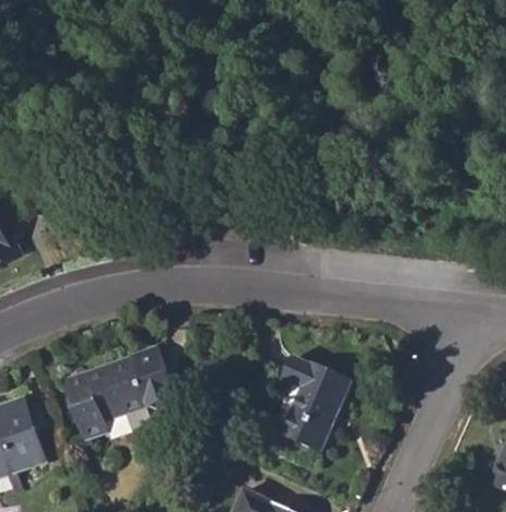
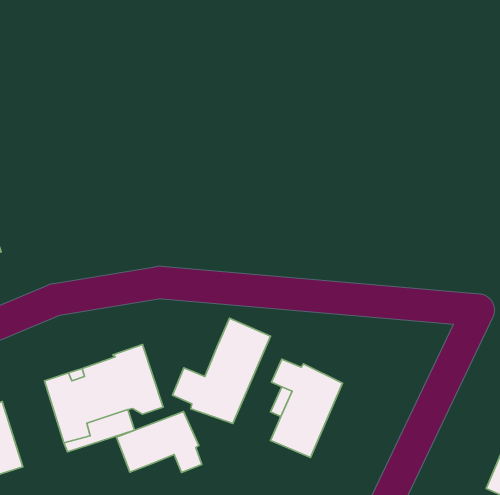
building: none -> [172,318,270,424]
building: none -> [117,411,202,473]

